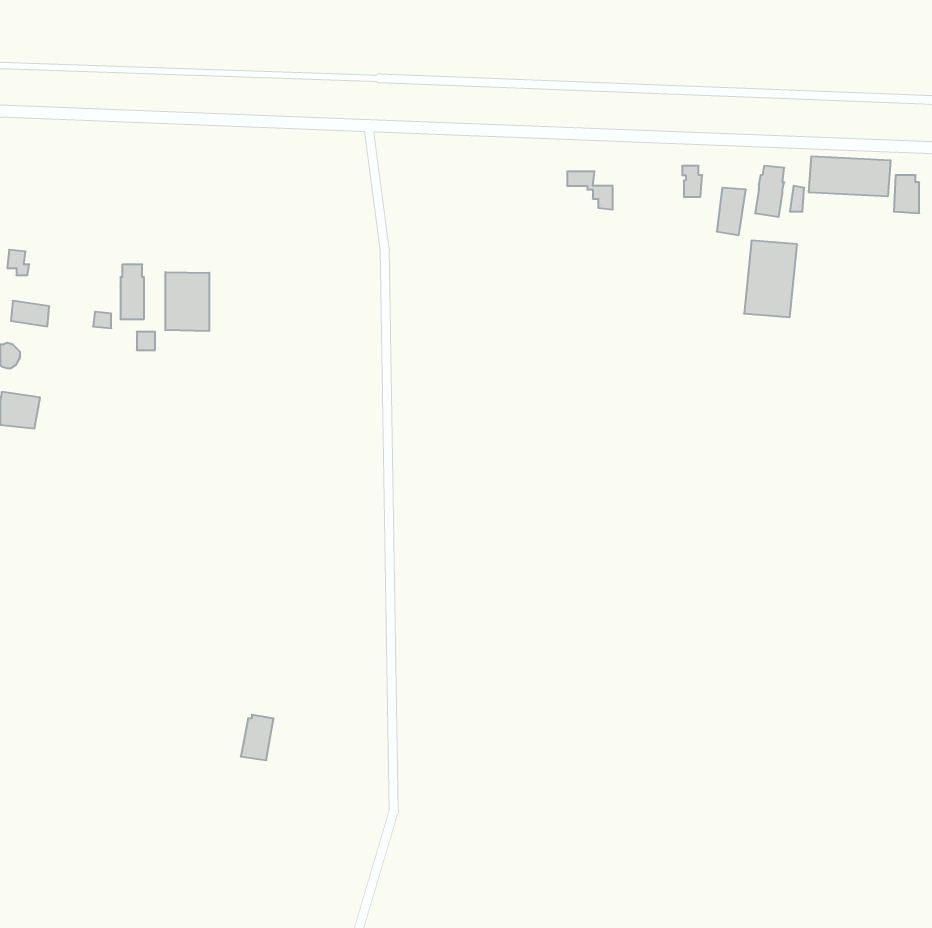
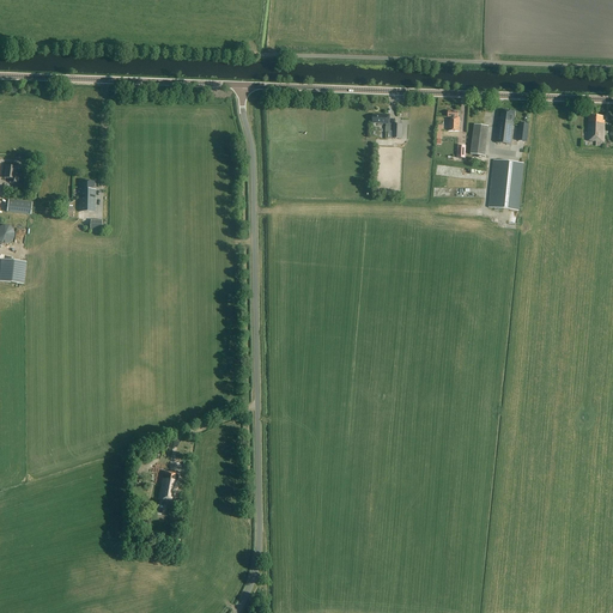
building: [809,156,891,196] -> none
building: [165,272,209,331] -> none

